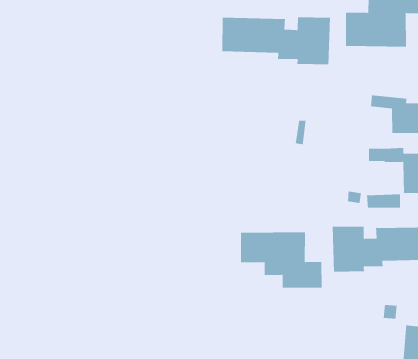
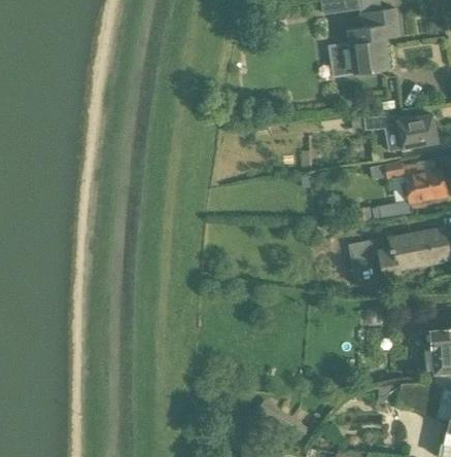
building: [221,17,331,65] -> none
building: [240,231,323,288] -> none

